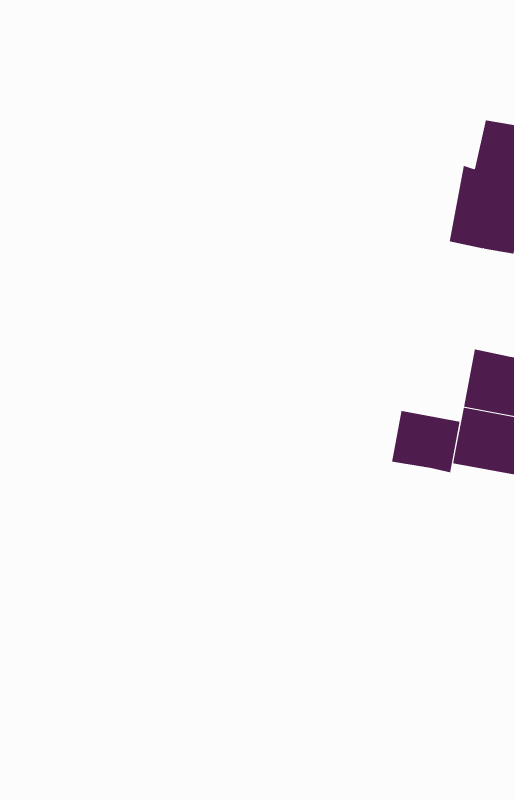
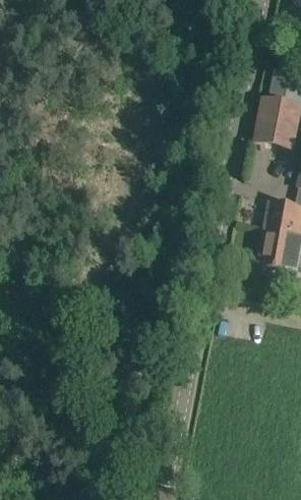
building: [391,410,460,473] -> none

